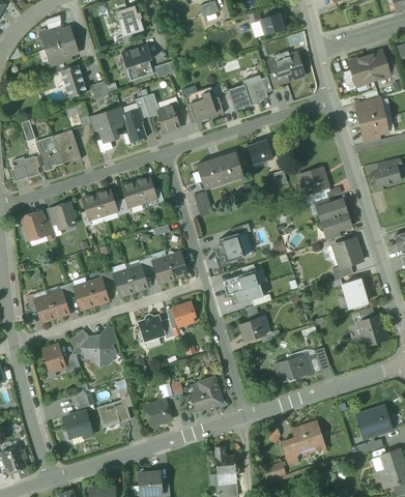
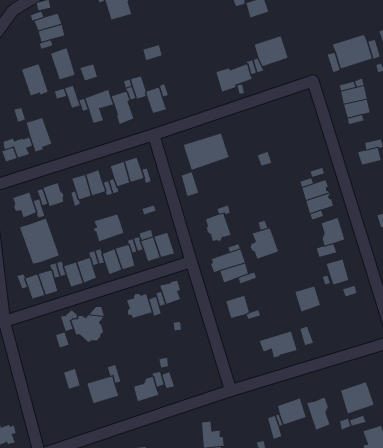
building: [121,43,153,79] -> none
building: [183,87,227,123] -> none
building: [53,129,81,163] -> [21,64,48,96]
building: [247,139,272,163] -> none
building: [297,166,328,196] -> none
building: none -> [93,214,124,242]
building: none -> [19,218,59,265]
building: none -> [250,227,279,259]
building: [358,317,385,344] -> [295,286,321,312]
building: [42,345,65,372] -> none
building: [191,376,223,411] -> none
building: [64,411,91,436] -> none
building: none -> [307,397,330,431]

